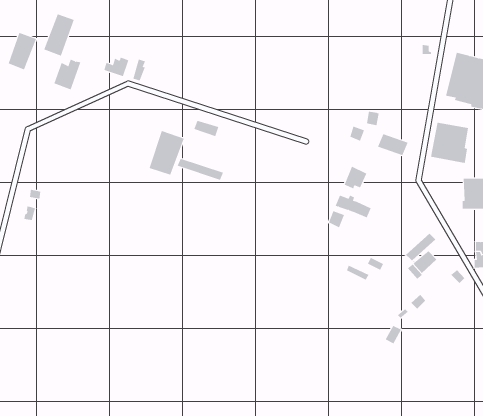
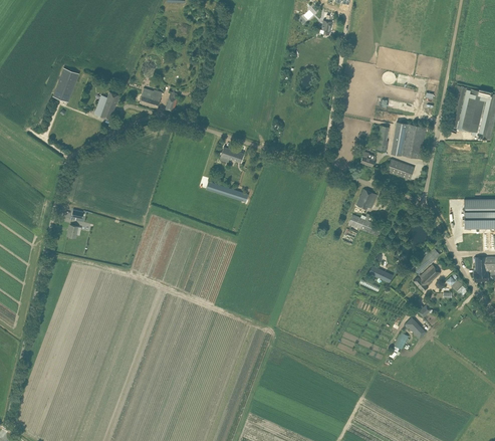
building: [43,13,75,56] -> none
building: [430,122,469,163] -> [391,122,426,159]
building: [149,130,184,175] -> none

